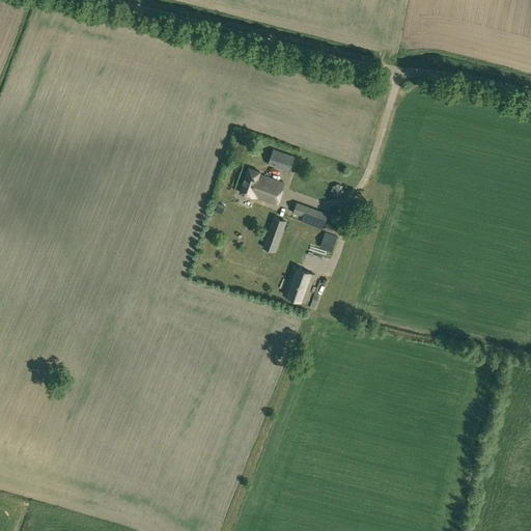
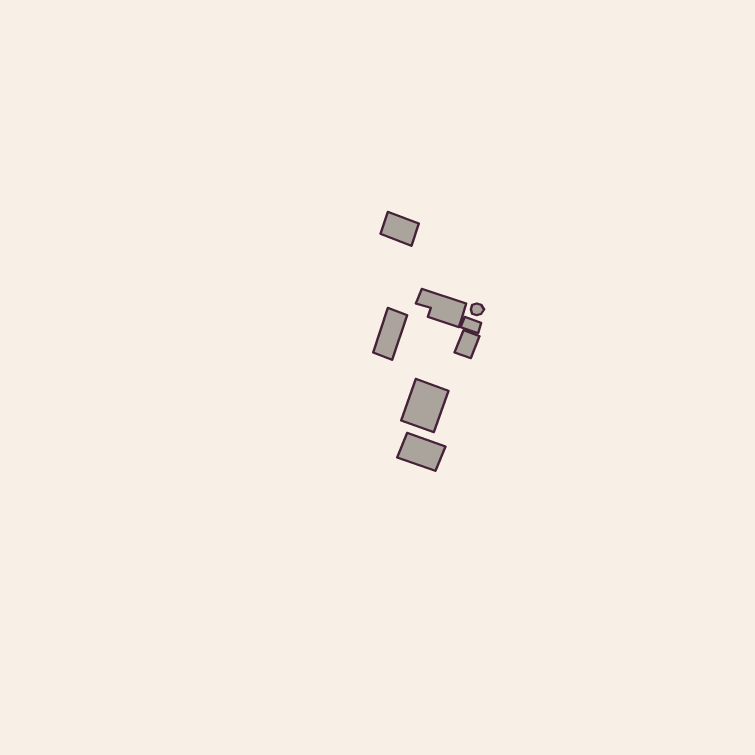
building: [239,169,283,205] -> none
building: none -> [397,433,445,471]

